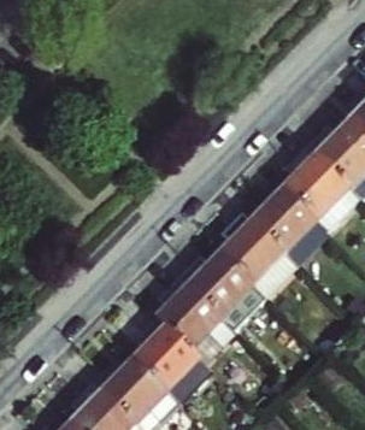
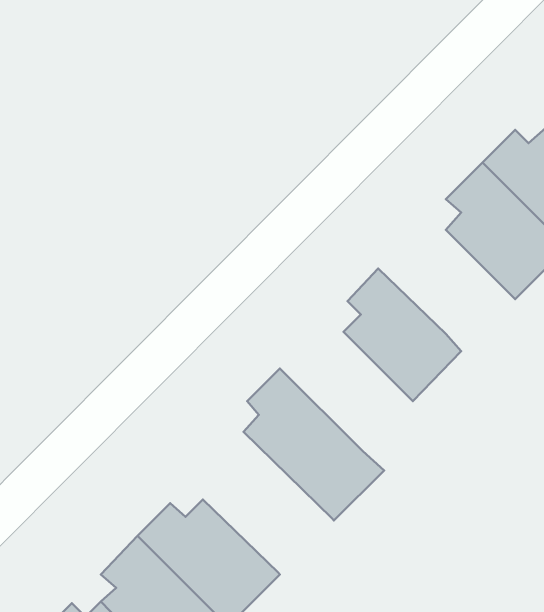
building: [243,187,318,252] -> none
building: [182,251,265,325] -> none
building: [134,313,214,401] -> none

